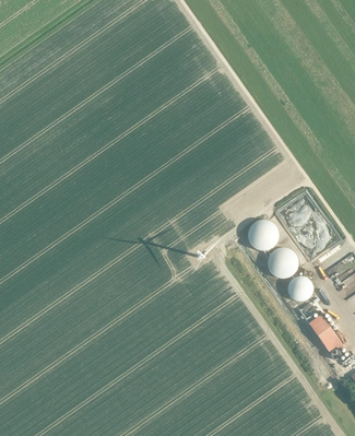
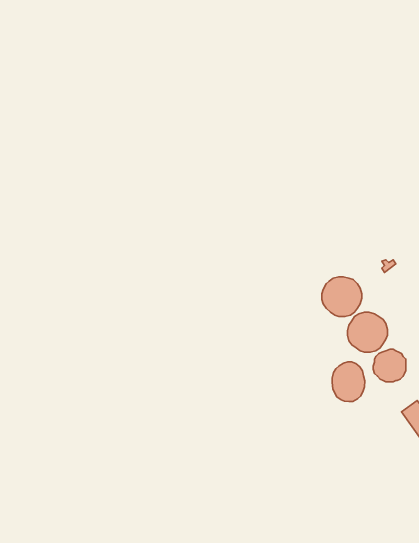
building: none -> [332,362,365,402]

